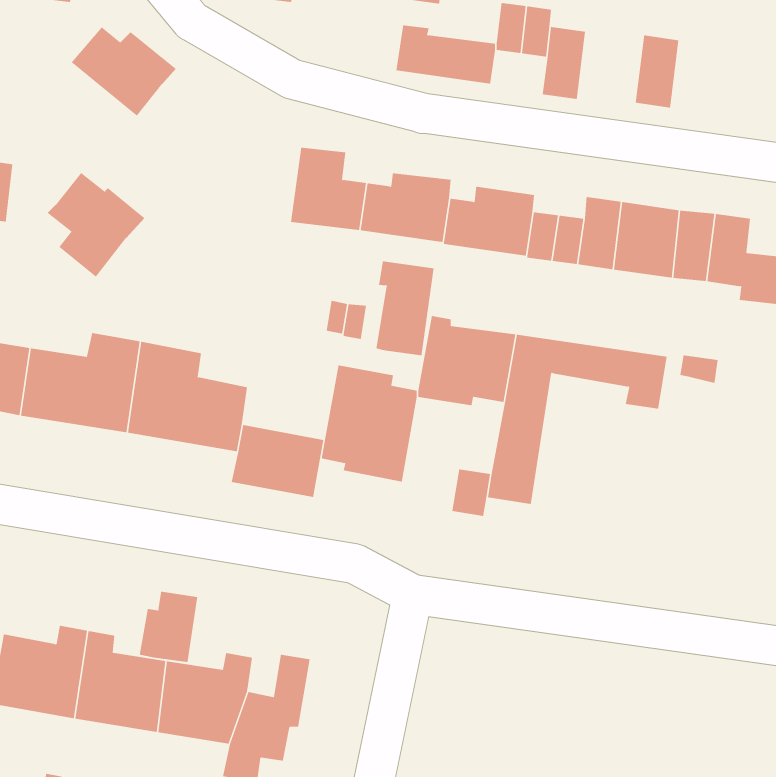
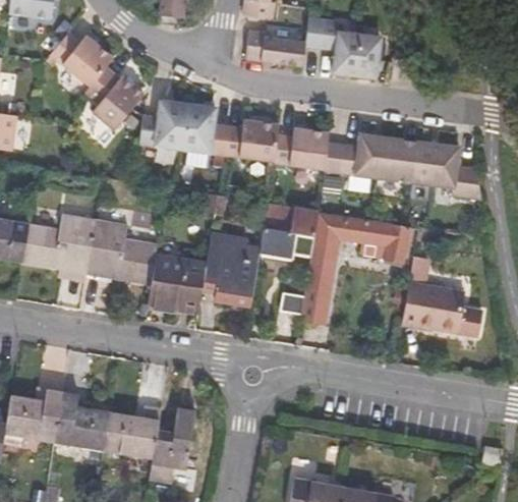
building: [635,35,679,108] -> [355,34,382,77]
building: none -> [140,99,189,148]
building: [47,172,145,278] -> [87,65,146,128]
building: [376,261,434,356] -> none
building: none -> [402,256,464,331]
building: [139,591,198,663] -> none

